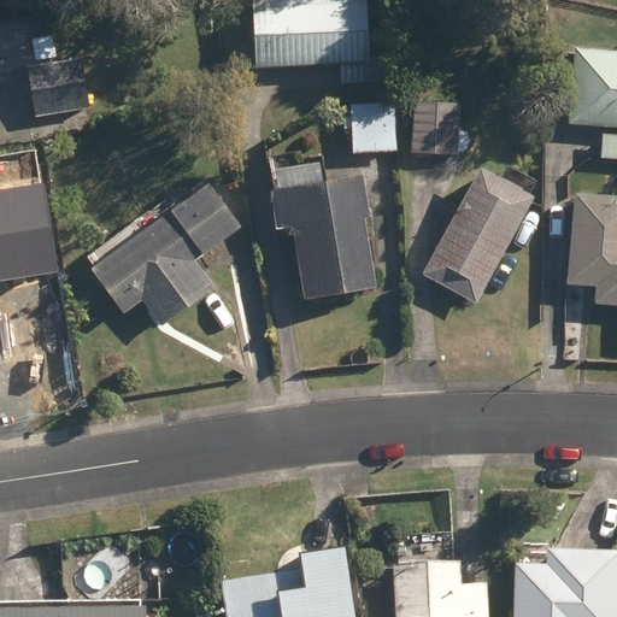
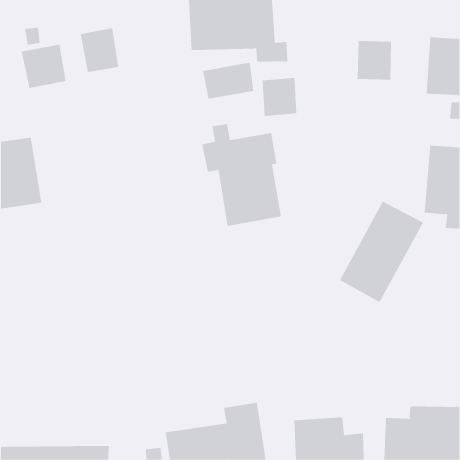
building: none -> [80,27,119,73]
building: none -> [202,62,254,100]
building: [412,102,459,155] -> [357,40,392,80]
building: [422,169,535,305] -> [339,201,424,303]
building: [92,186,241,327] -> none

